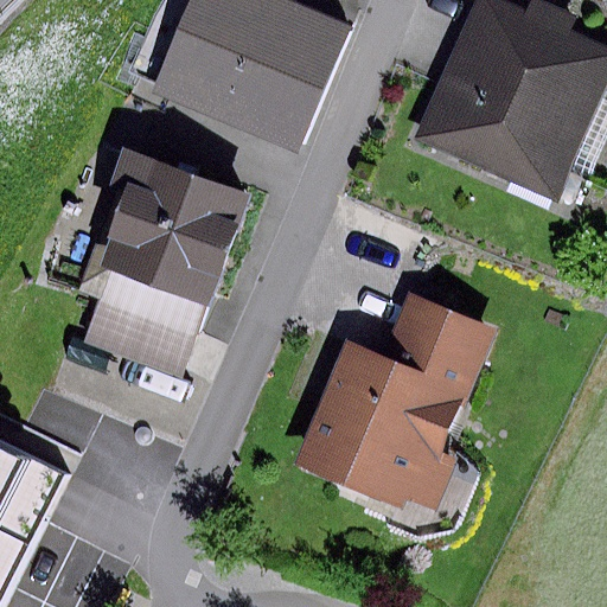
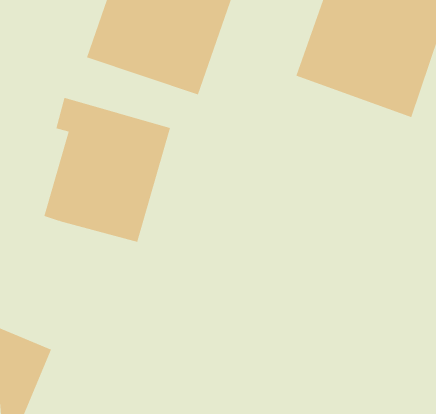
building: [296,298,493,513] -> none
building: [82,299,197,381] -> none

